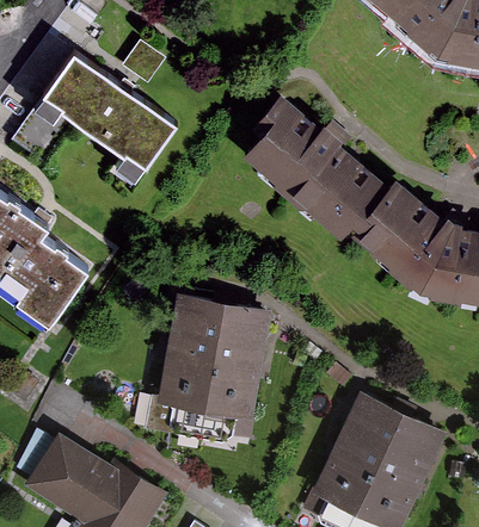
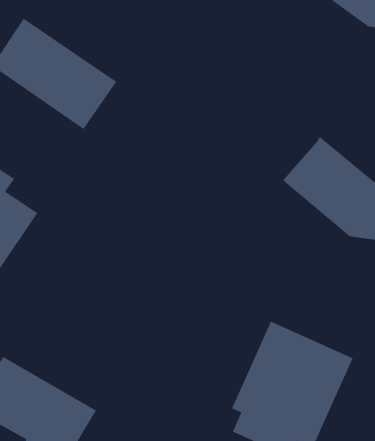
building: [242,94,405,249] -> none
building: [156,304,268,440] -> none

